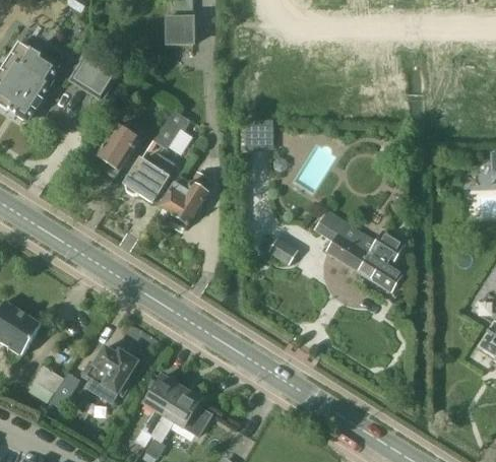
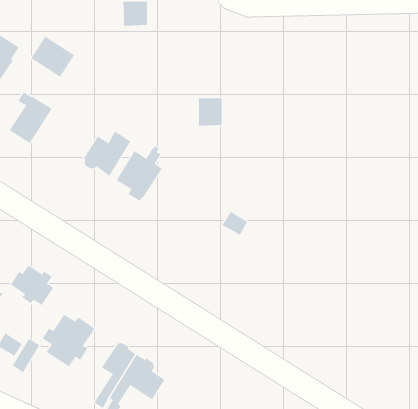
building: [152,110,190,149] -> none
building: [92,122,138,177] -> [9,92,52,144]
building: [315,209,405,291] -> none
building: none -> [10,265,54,306]

